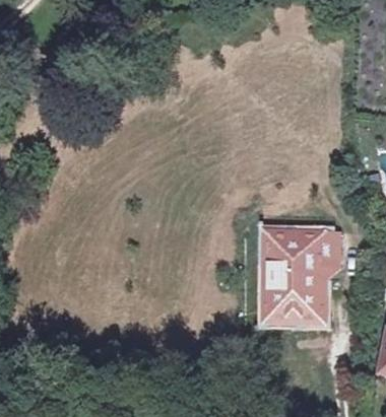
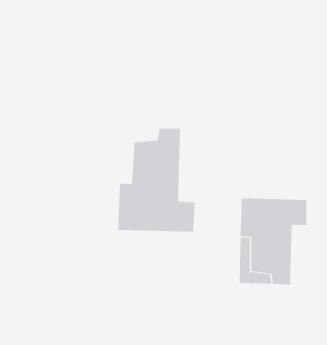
building: none -> [118,128,195,233]

